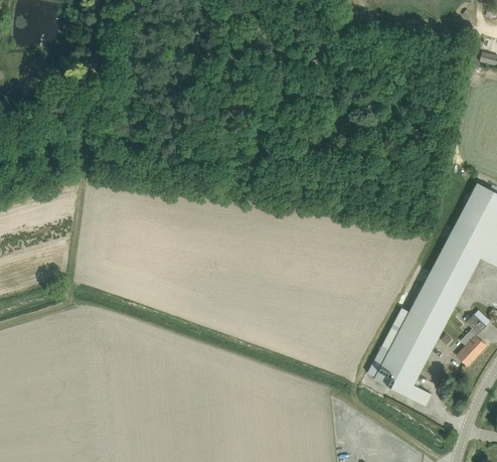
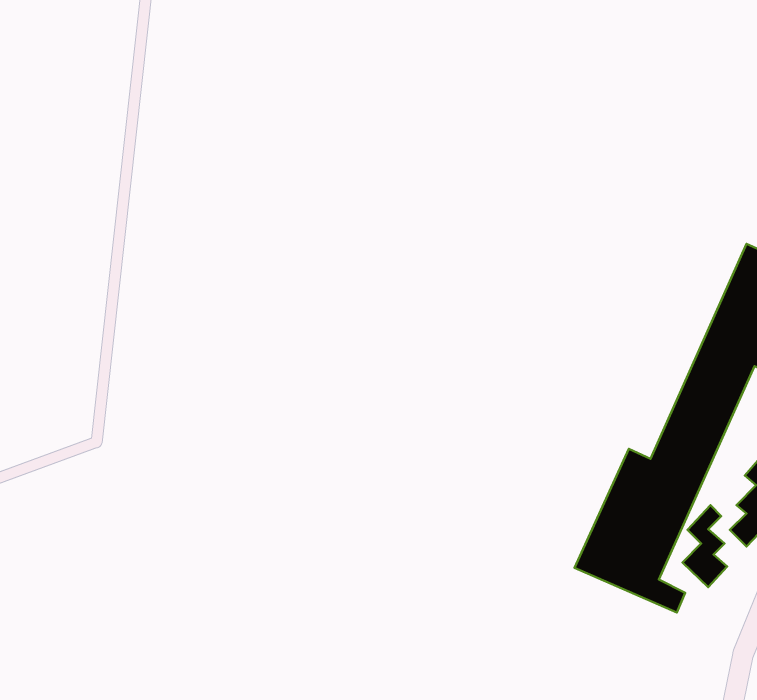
building: none -> [682,505,727,587]

